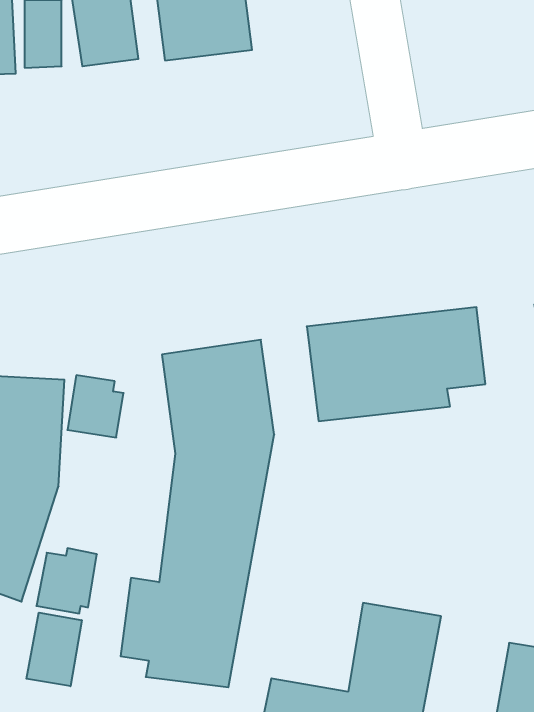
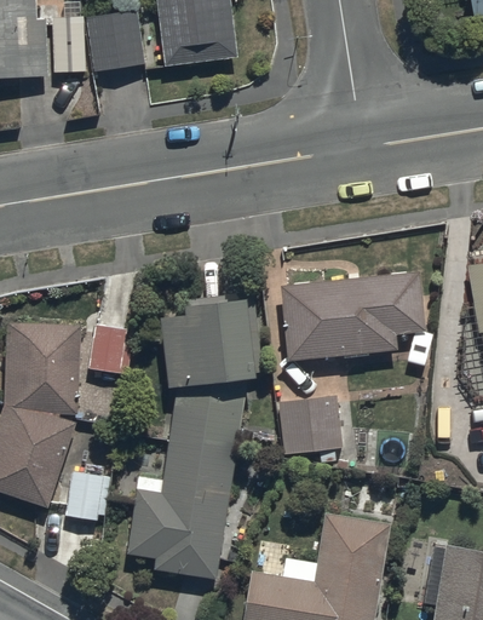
building: none -> [277,397,340,454]
building: [26,613,82,686] -> none

